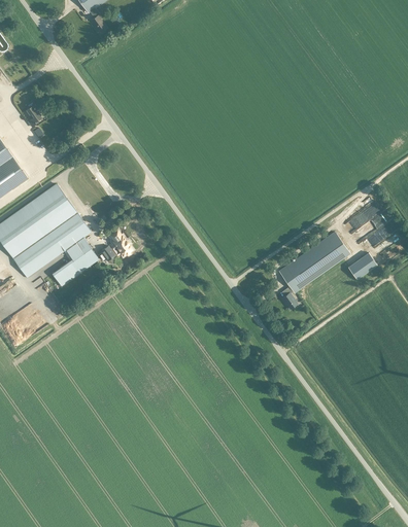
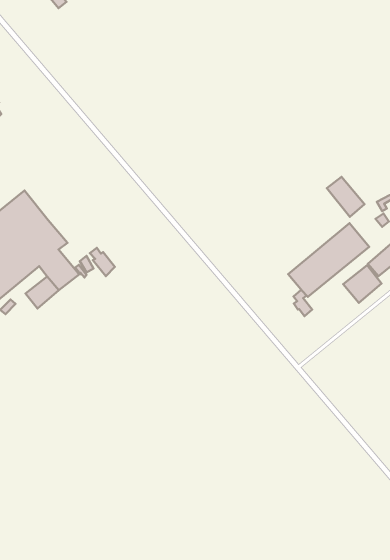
building: none -> [327,177,365,217]
building: none -> [343,265,382,303]

